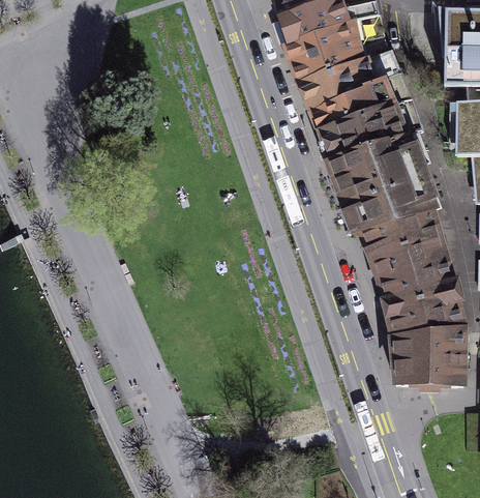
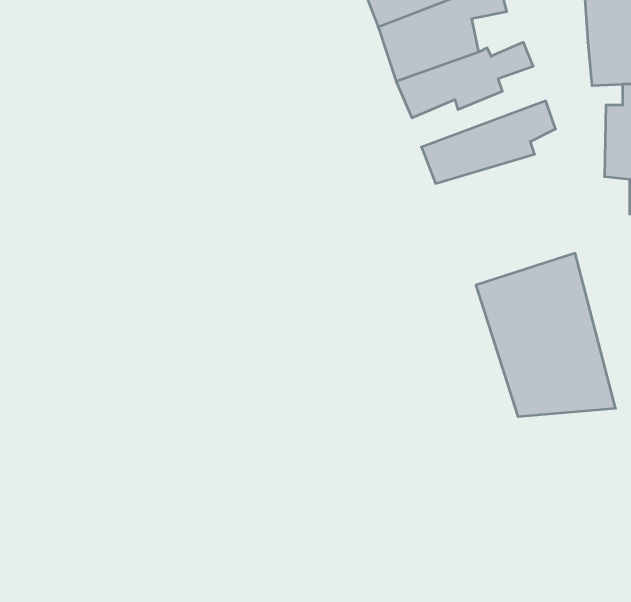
building: [312,74,412,134] -> none
building: [330,135,440,236] -> none
building: [391,327,463,386] -> none

